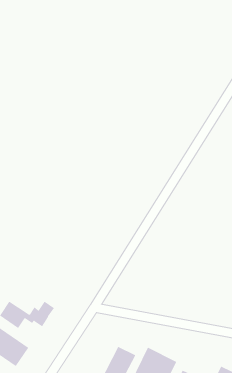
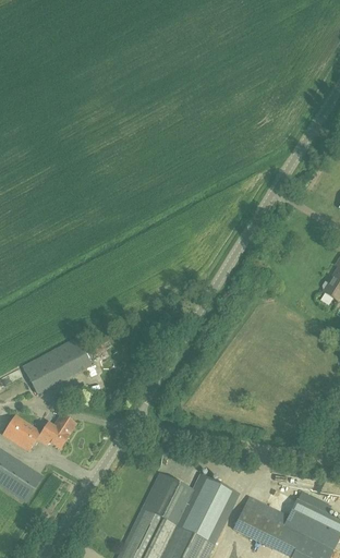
building: none -> [23,337,93,392]

